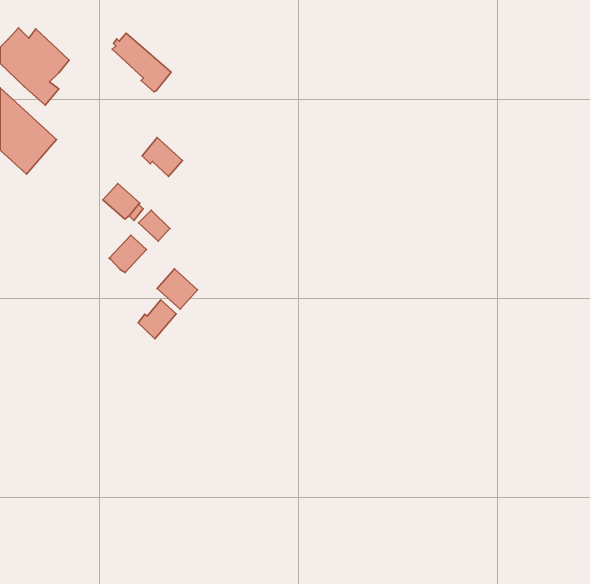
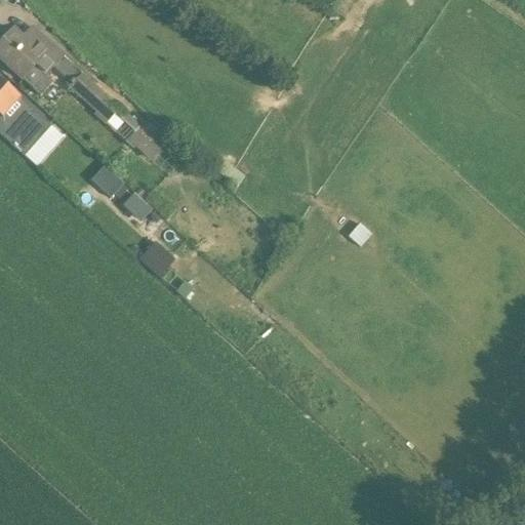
building: [112,33,171,92] -> [68,70,120,122]
building: [109,235,147,272] -> none
building: [138,300,176,339] -> none

